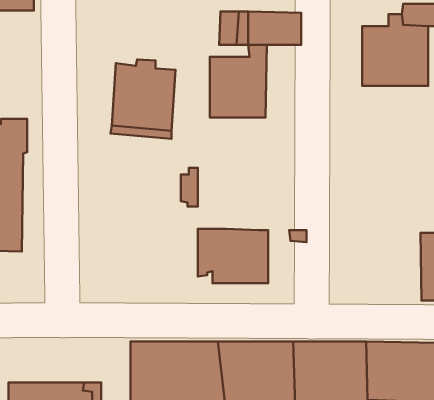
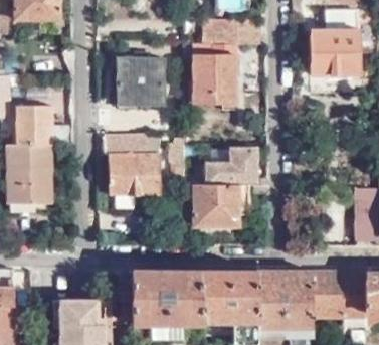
building: none -> [105,136,160,195]
building: none -> [205,150,254,186]

